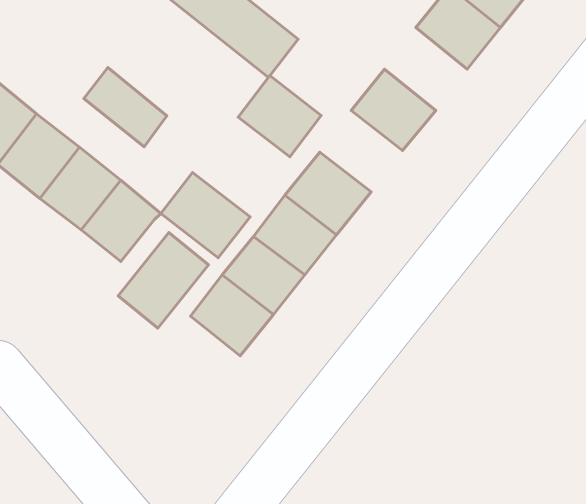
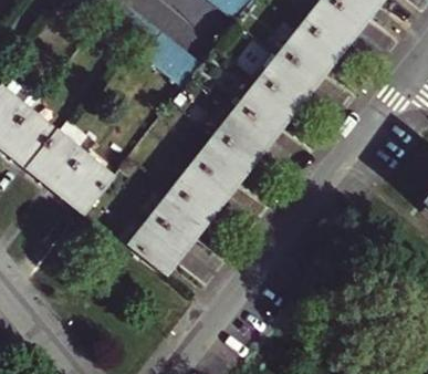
building: none -> [264,45,320,101]
building: [84,67,167,147] -> none
building: [238,76,321,157] -> [221,101,276,155]
building: [161,172,250,258] -> none
building: [118,233,208,328] -> none

